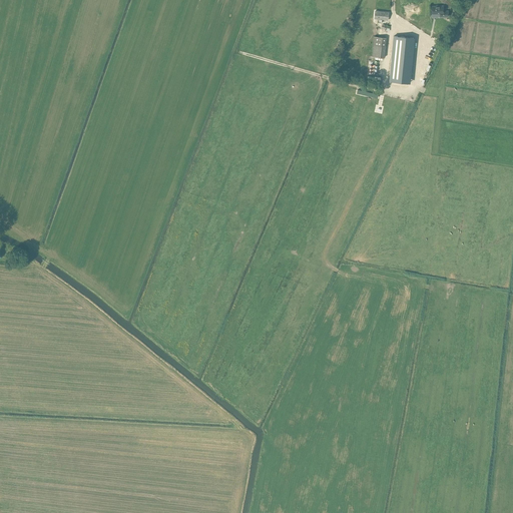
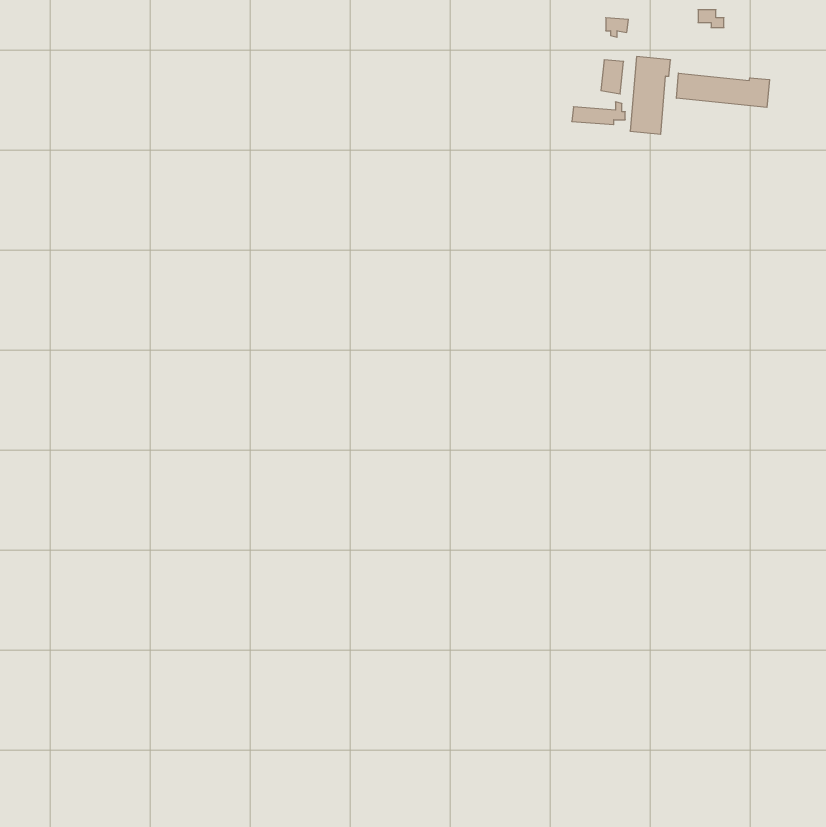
building: none -> [676,73,770,107]

